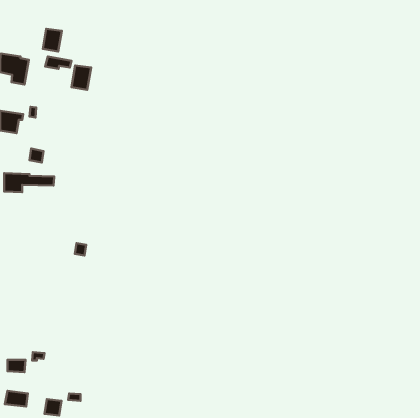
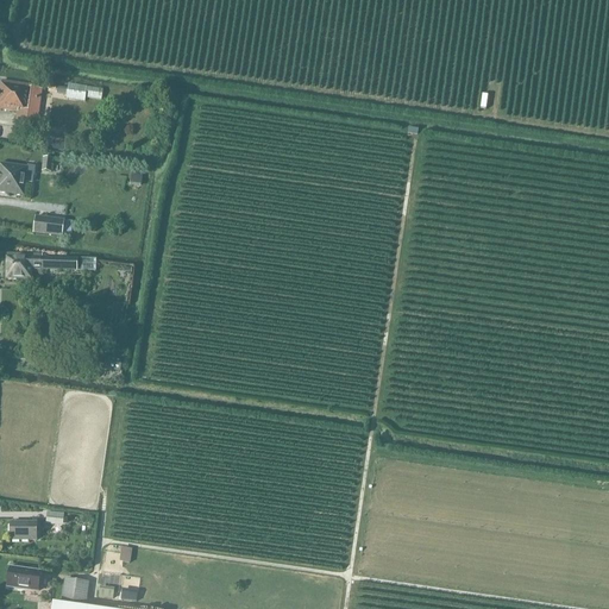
building: [43,29,62,52] -> none
building: [71,66,91,90] -> none

